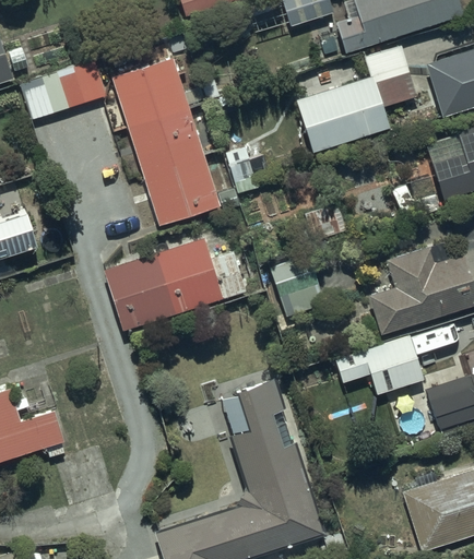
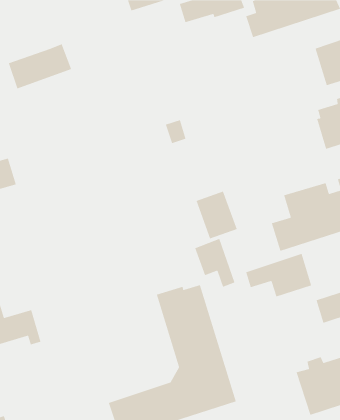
building: [297,47,417,153] -> none
building: [111,57,222,225] -> none
building: [103,239,245,333] -> none
building: none -> [194,238,235,288]

